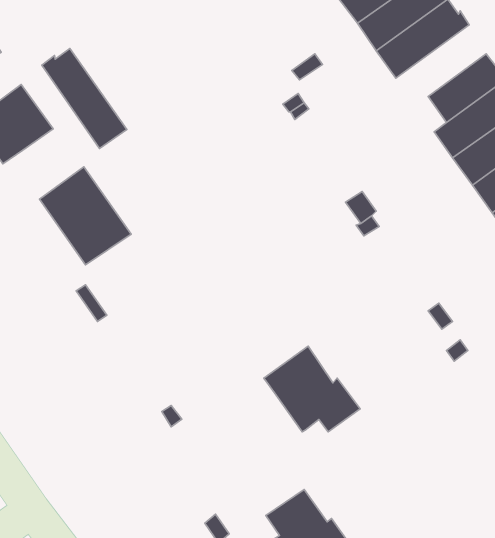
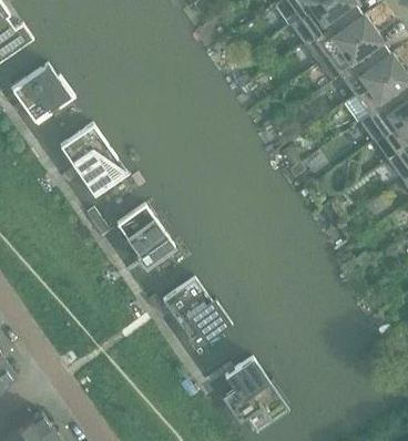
building: none -> [318,22,384,80]
building: [42,48,127,148] -> none
building: none -> [116,206,174,271]
building: [264,346,360,432] -> [162,279,232,341]

